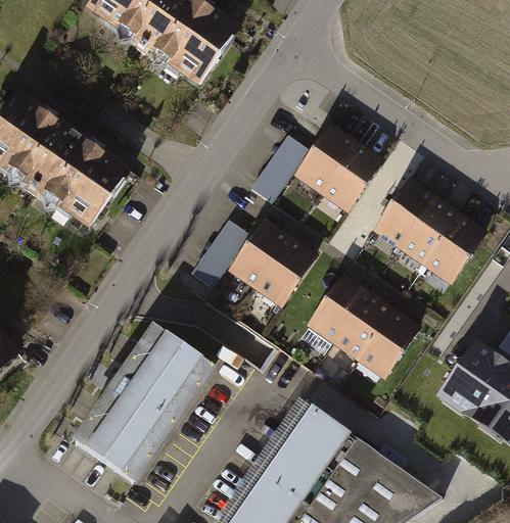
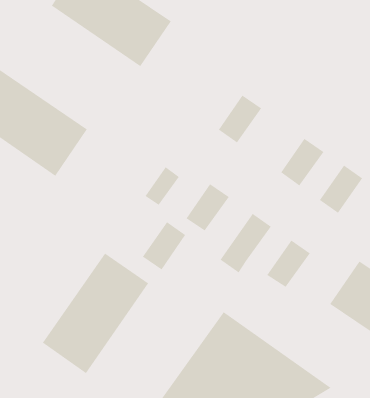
building: [253,131,314,199] -> none
building: [324,144,380,206] -> none
building: [403,199,459,260] -> none
building: [233,222,289,284] -> [142,221,186,270]
building: [336,294,392,355] -> none

